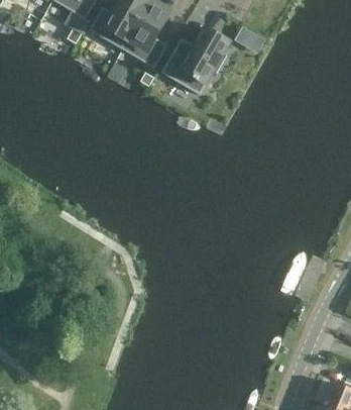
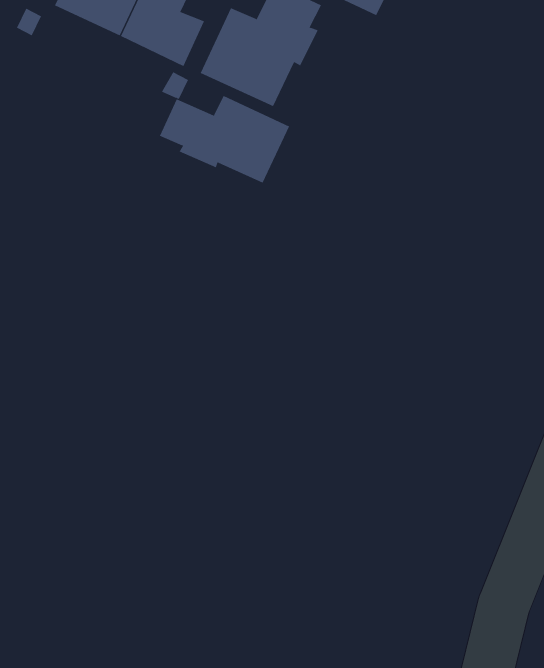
building: none -> [159,95,290,183]

